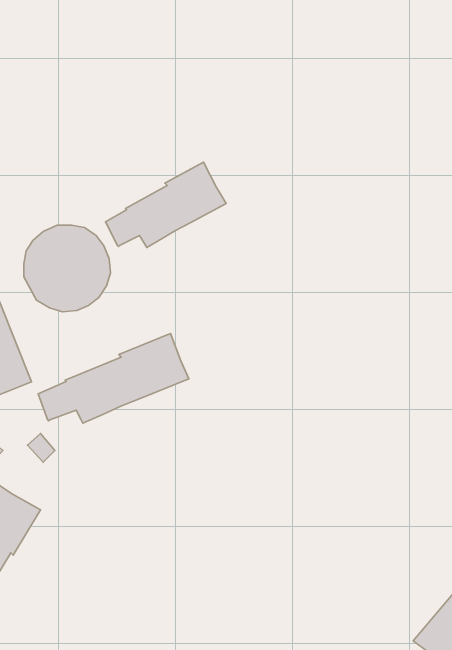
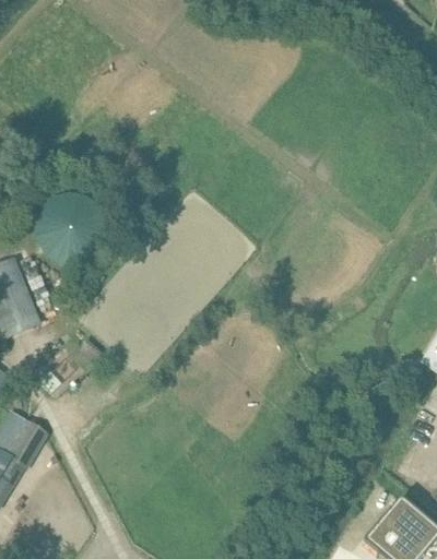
building: [106,162,226,248] -> none
building: [38,333,189,423] -> none

